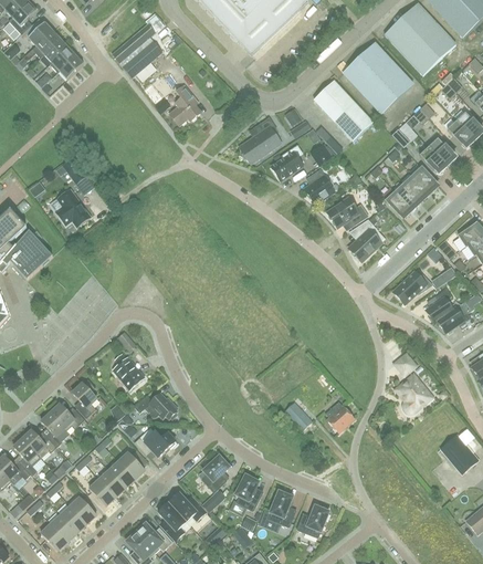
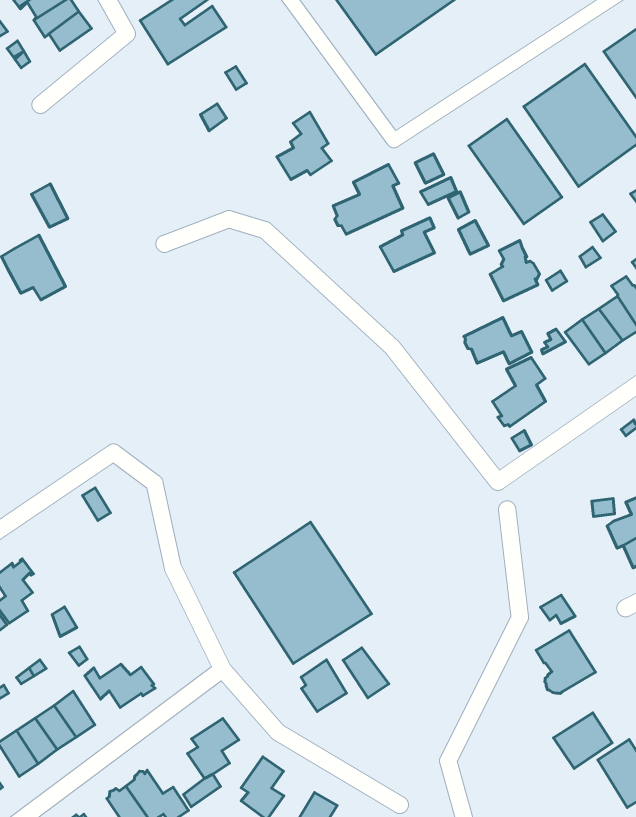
building: [169,84,201,125] -> [277,112,331,180]
building: [305,166,334,202] -> [490,241,540,301]
building: [393,270,432,303] -> none
building: none -> [234,522,372,664]
building: [113,353,145,389] -> none
building: [135,391,177,418] -> none
building: [326,400,354,431] -> [301,660,346,712]
building: none -> [553,713,612,769]

